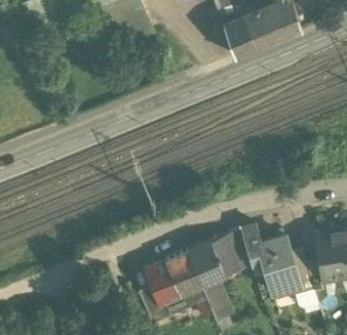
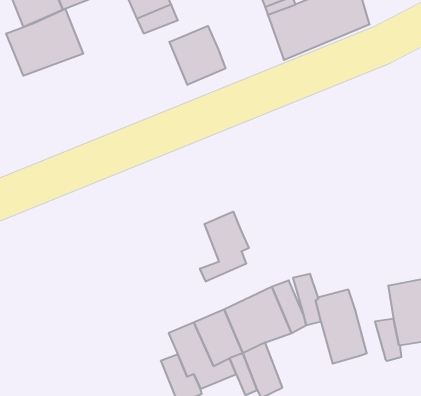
building: none -> [6,9,83,76]
building: none -> [169,26,226,85]
building: none -> [200,212,249,282]
building: [290,249,313,296] -> none

